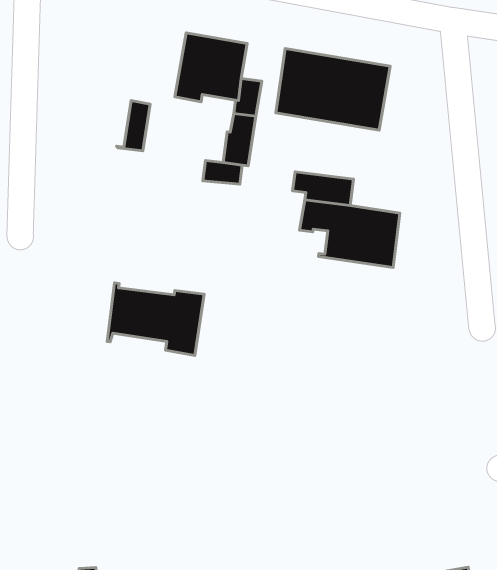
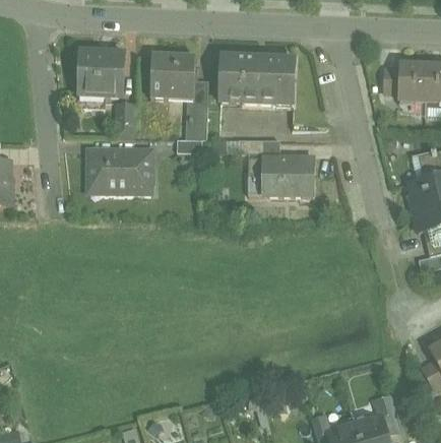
building: none -> [78,51,124,96]
building: [107,283,204,355] -> [88,148,150,191]

